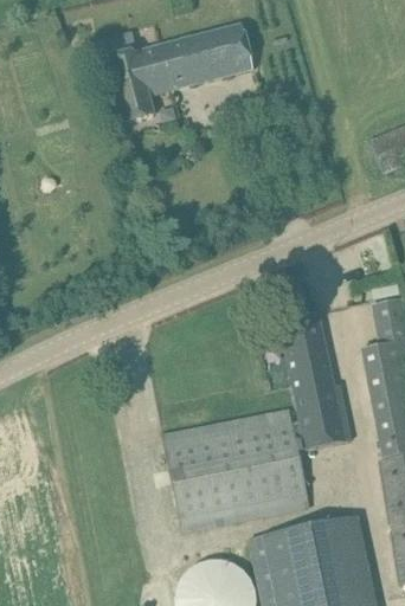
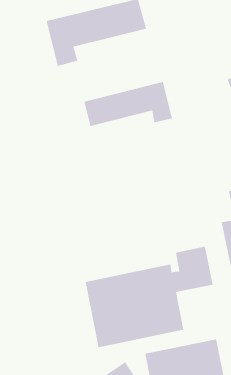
building: none -> [84,81,173,127]
building: [278,312,333,393] -> none

